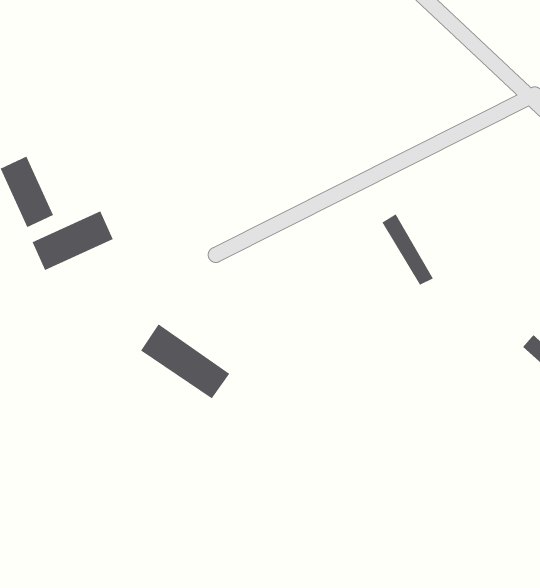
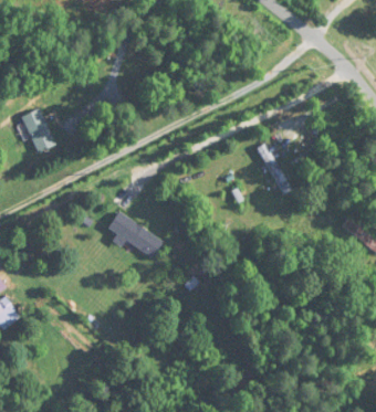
building: [32,210,114,271] -> none

